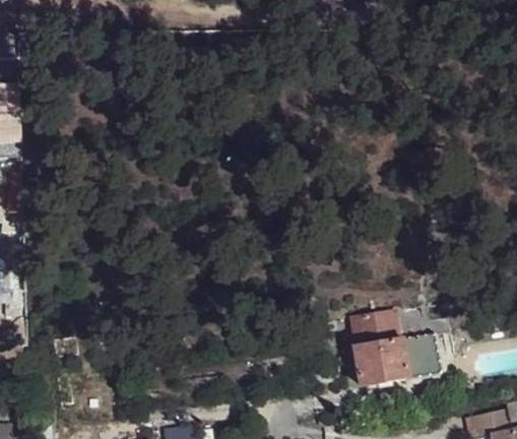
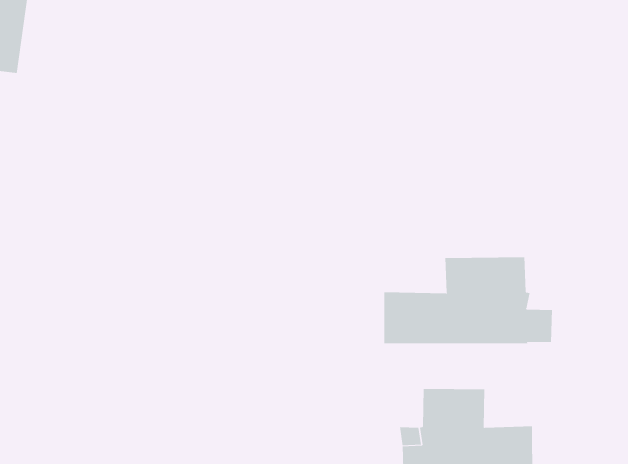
building: none -> [384,257,552,344]

